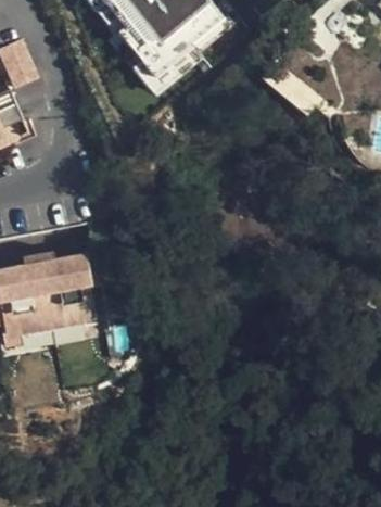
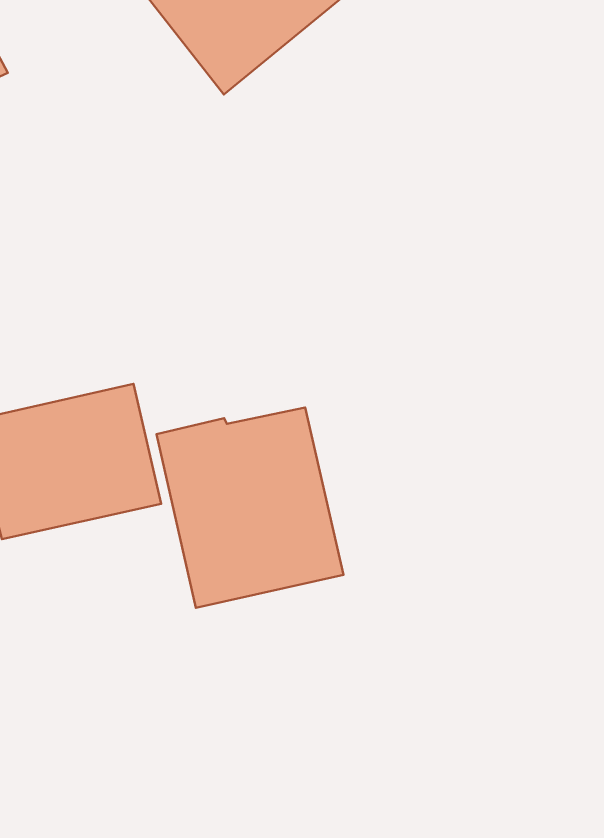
building: none -> [157,408,344,608]

